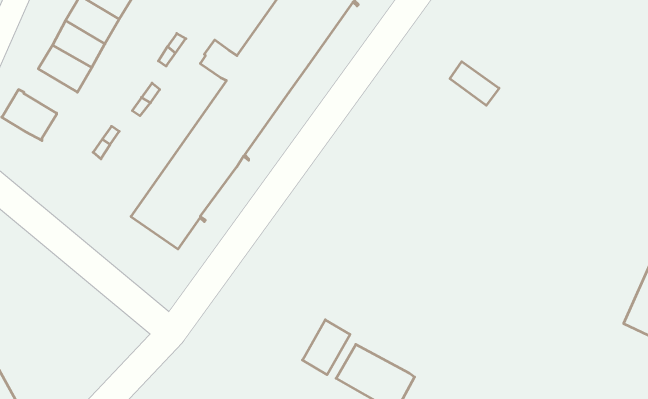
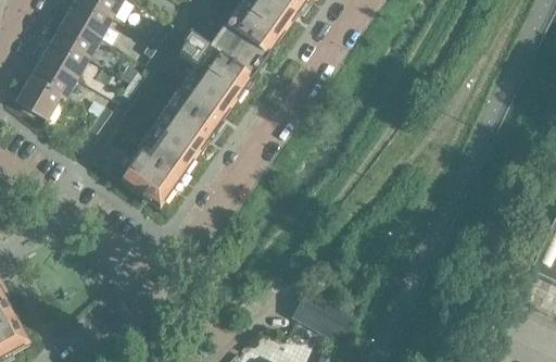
building: [450,62,499,105] -> none
building: none -> [30,59,75,99]
building: [302,320,350,375] -> none

